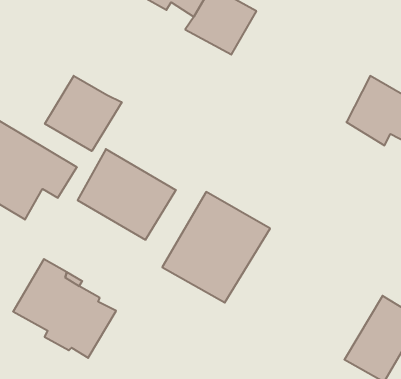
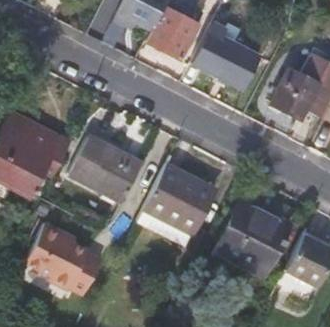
building: none -> [189,23,258,91]
building: [45,76,122,151] -> none
building: none -> [215,199,290,275]

